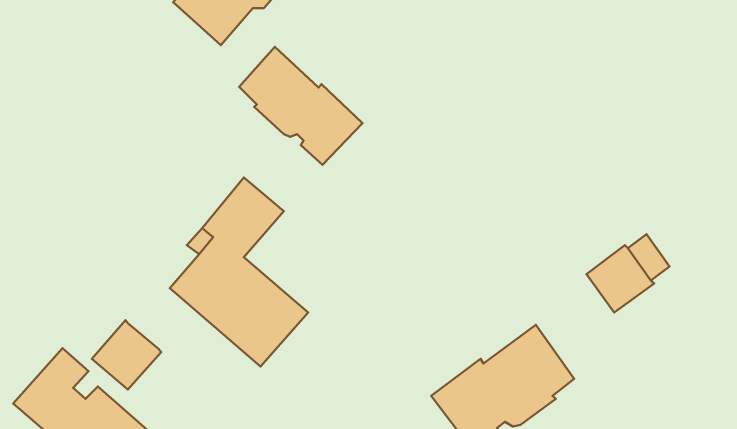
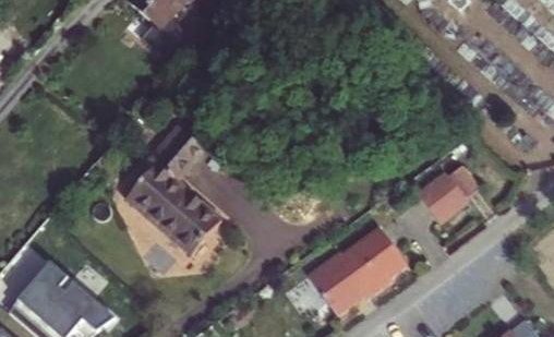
building: [239,47,363,165] -> none
building: [92,320,161,390] -> none

